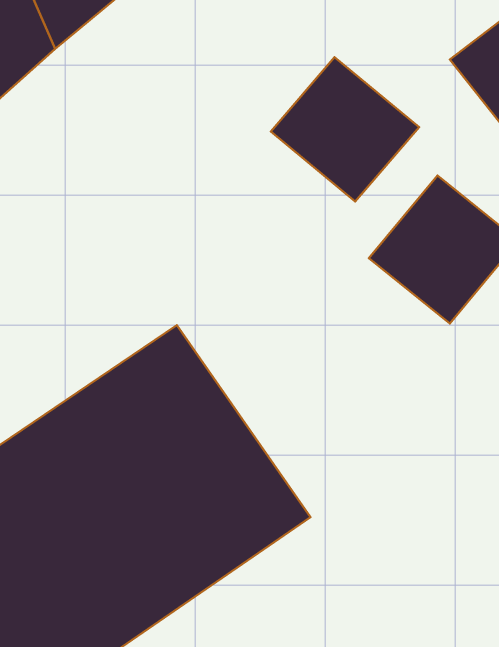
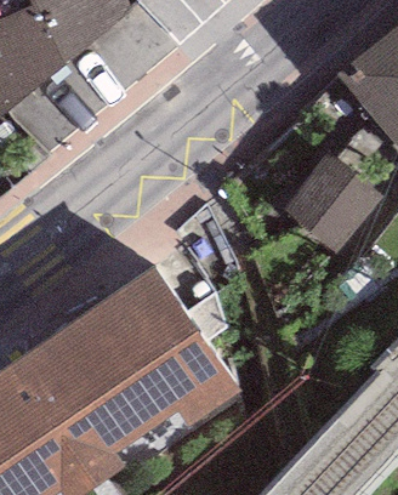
building: [271,57,419,202] -> none

